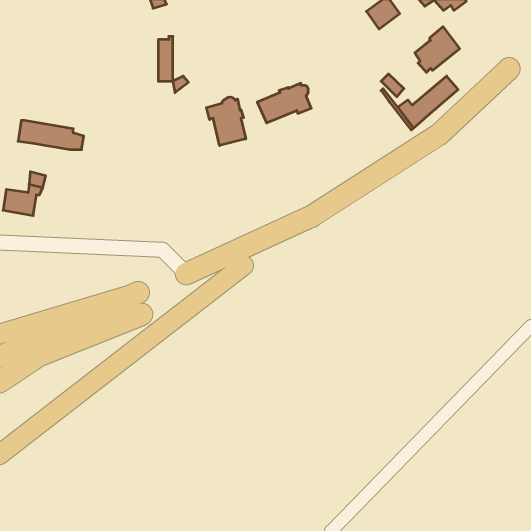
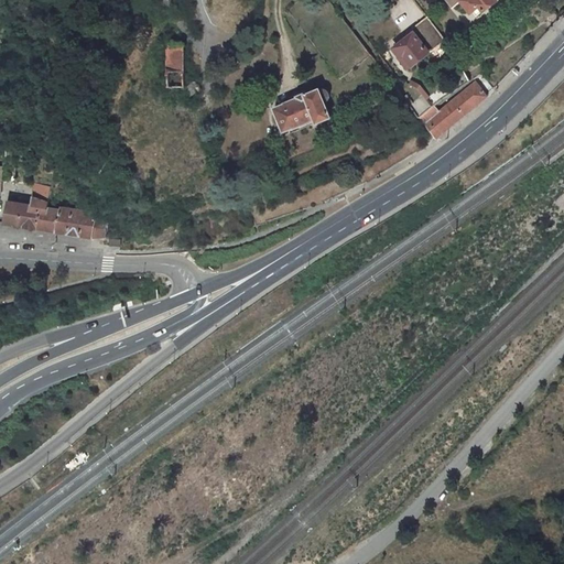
building: [415,27,460,72] -> [394,20,442,68]
building: [206,97,246,146] -> none
building: [18,120,84,150] -> [35,206,105,237]

